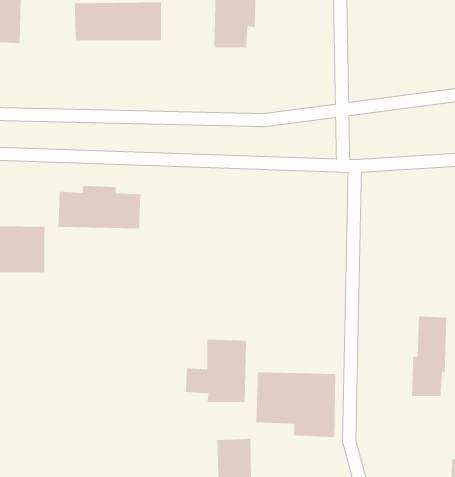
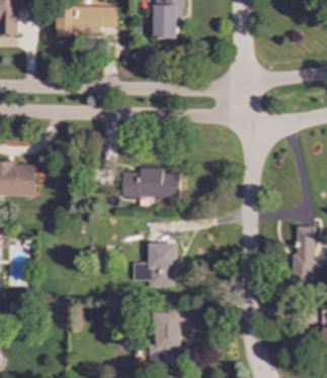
building: [58,186,141,229] -> [121,167,180,197]
building: [256,372,336,438] -> none

